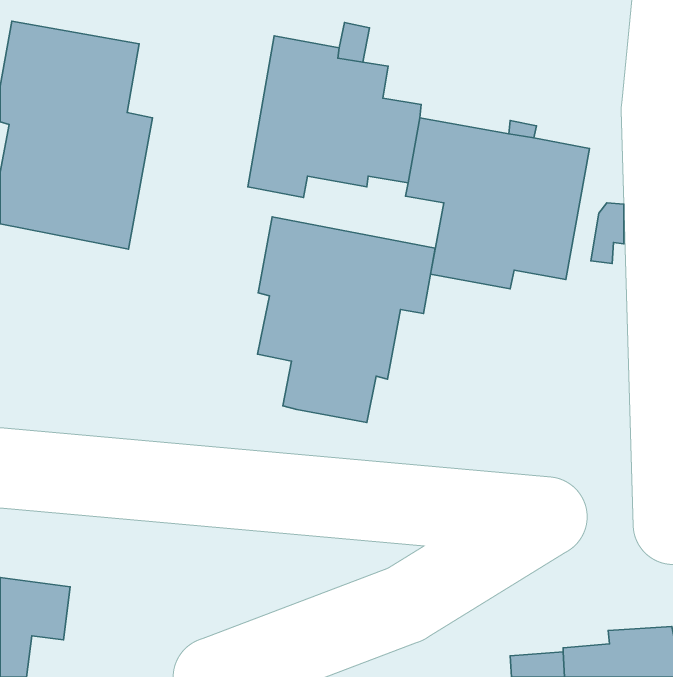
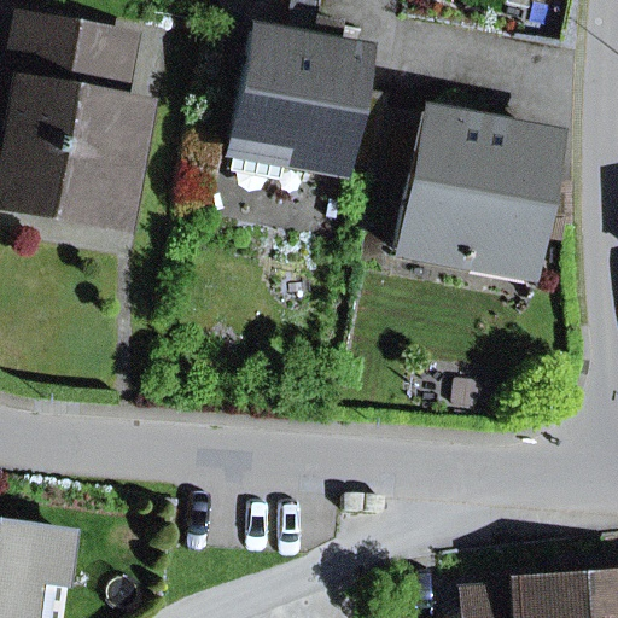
building: [257,217,435,423] -> none

